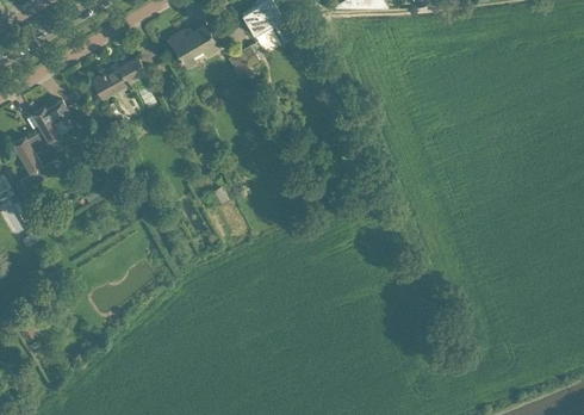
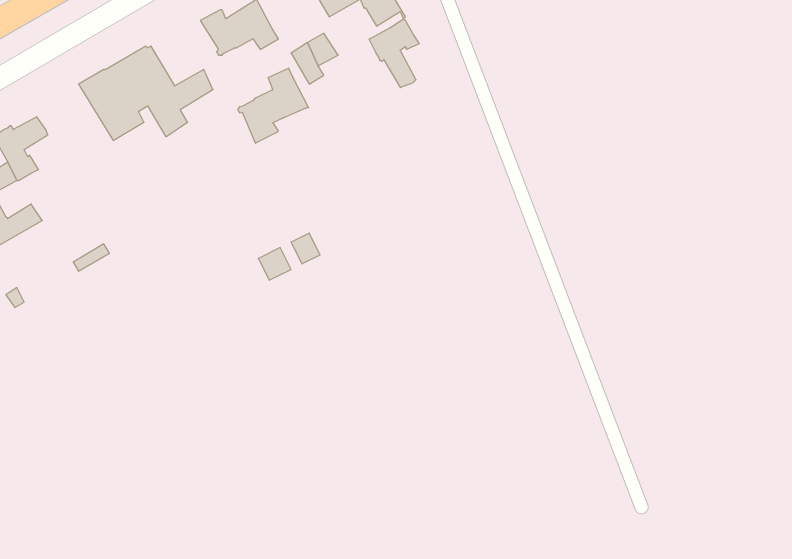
building: none -> [369,19,419,88]
building: none -> [238,68,309,143]

